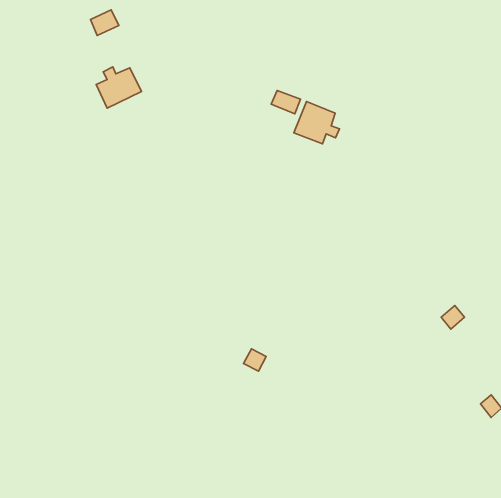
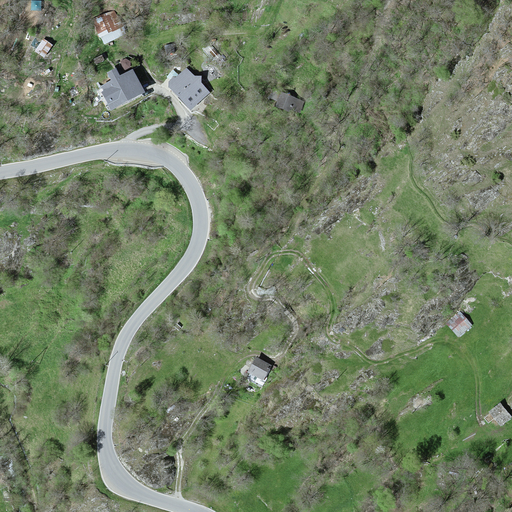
building: none -> [166,67,209,111]
building: [294,101,339,144] -> none

